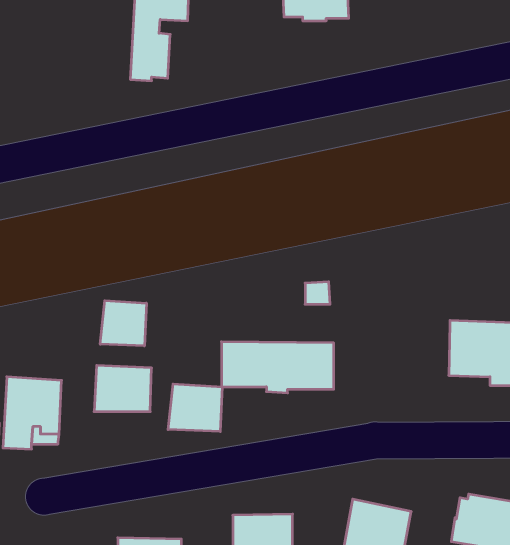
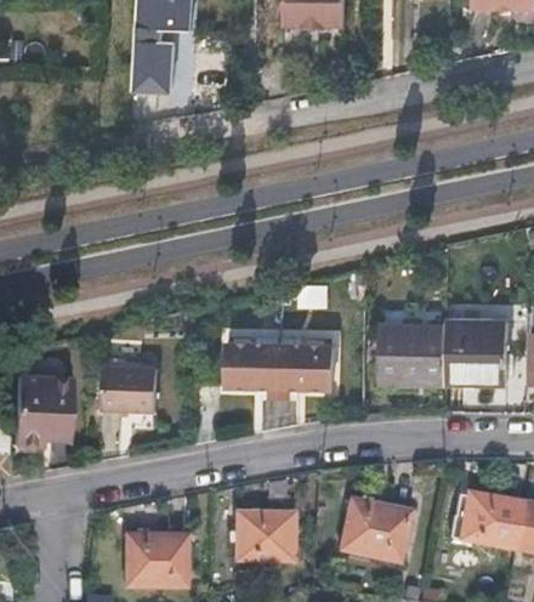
building: [100,301,146,346] -> none
building: none -> [380,324,448,387]
building: [168,384,222,432] -> none

